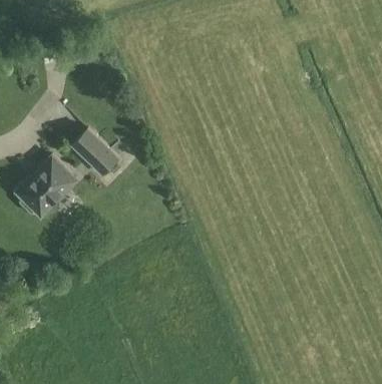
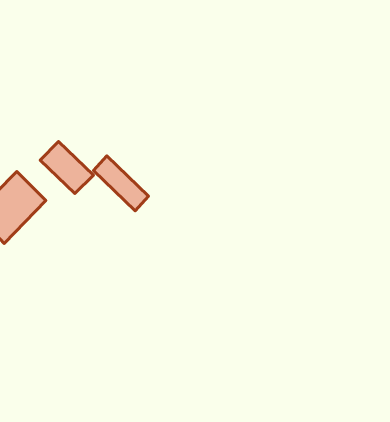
building: none -> [93,156,149,211]

